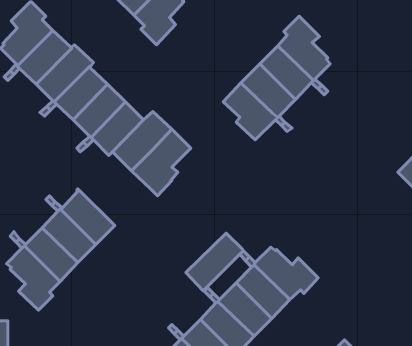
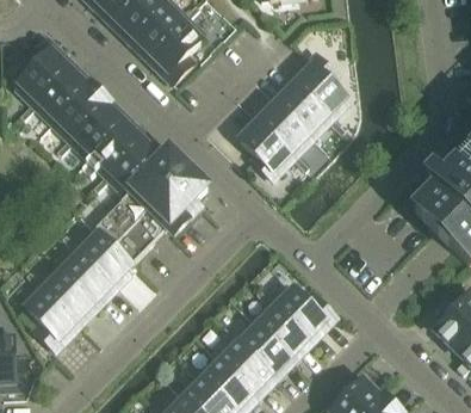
building: none -> [95,189,168,263]
building: [186,233,244,291] -> none

